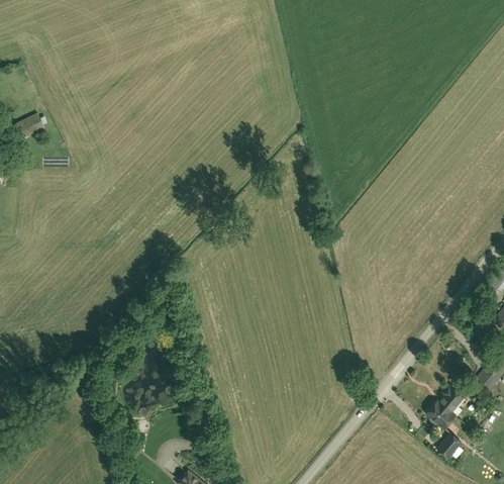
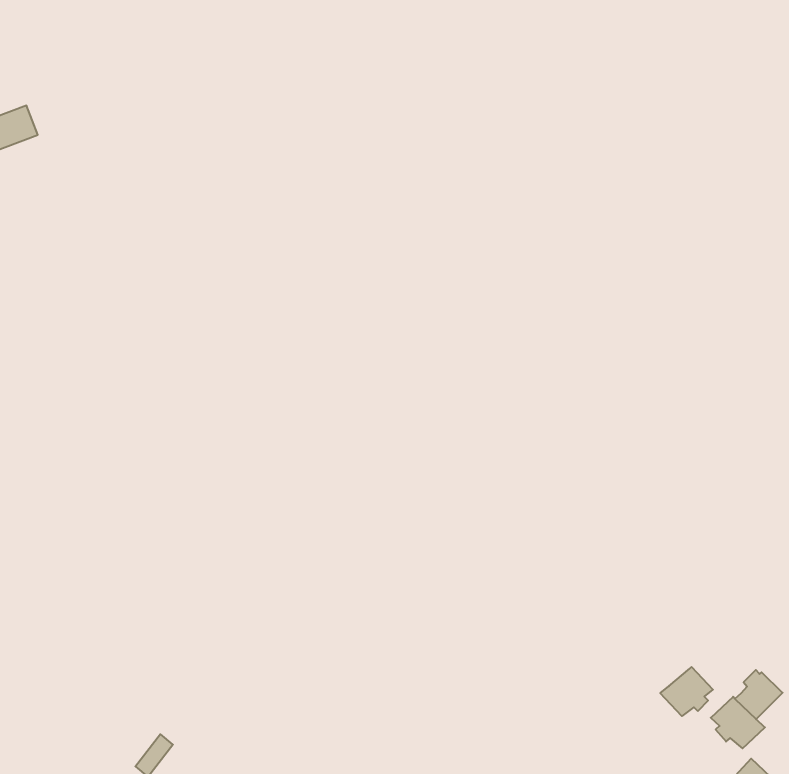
building: none -> [660,667,713,716]

